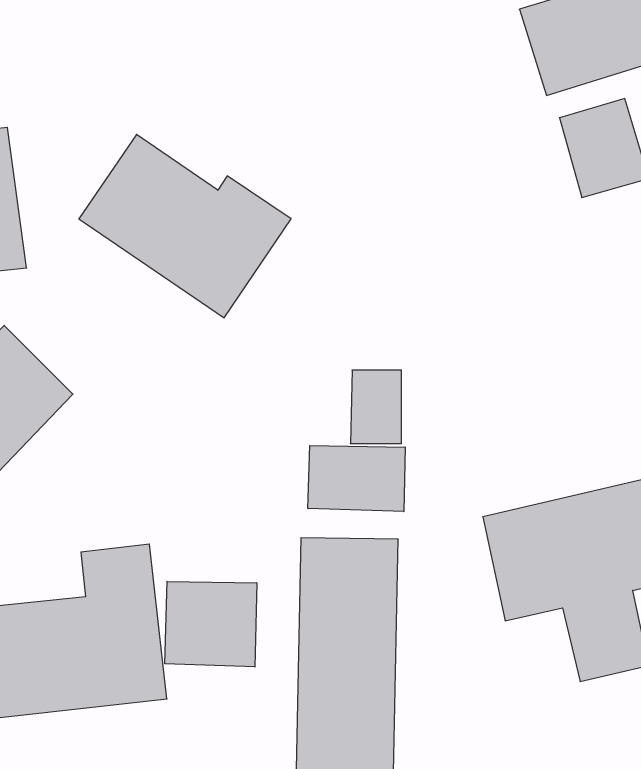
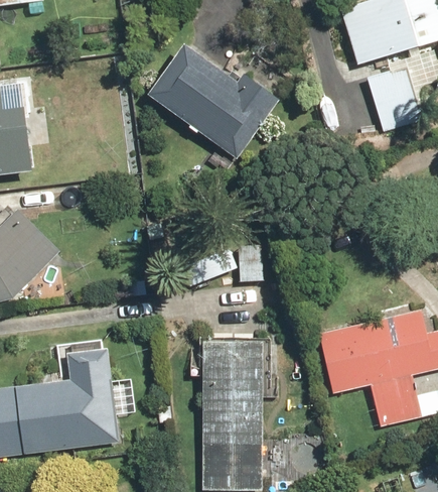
building: [79,134,291,318] -> [145,43,279,159]
building: [308,446,405,512] -> none
building: [165,581,257,667] -> none

